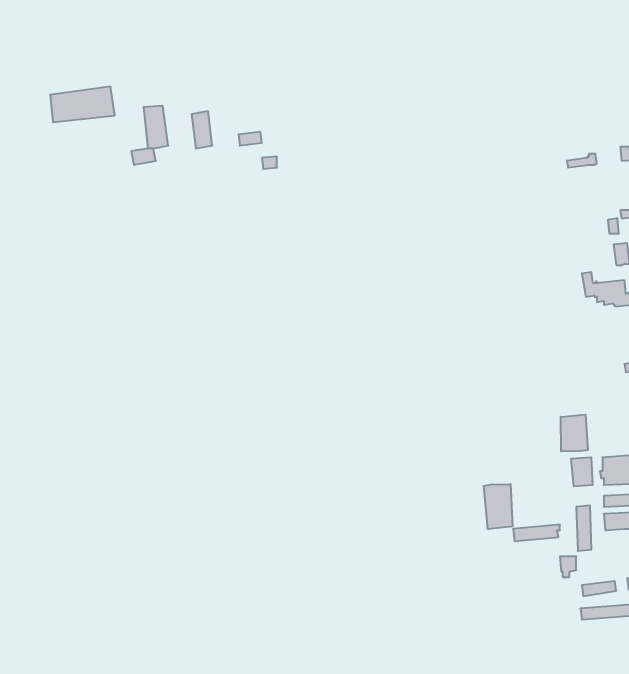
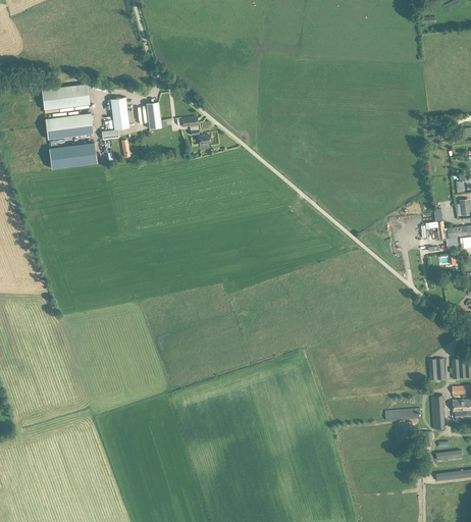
building: none -> [44,113,93,140]
building: none -> [48,143,96,169]
building: [561,415,588,451] -> none
building: [484,484,513,529] -> none

